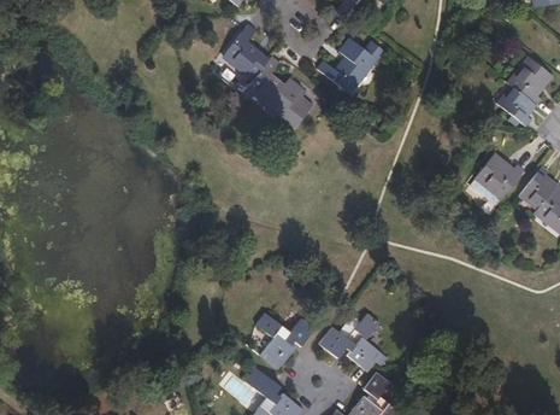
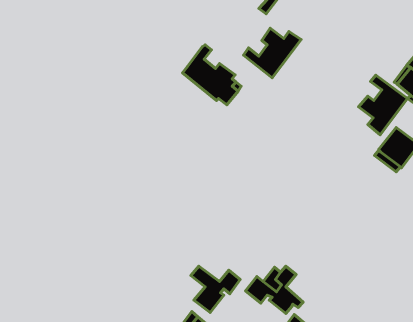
building: [223,24,269,82] -> none
building: none -> [359,75,408,135]

